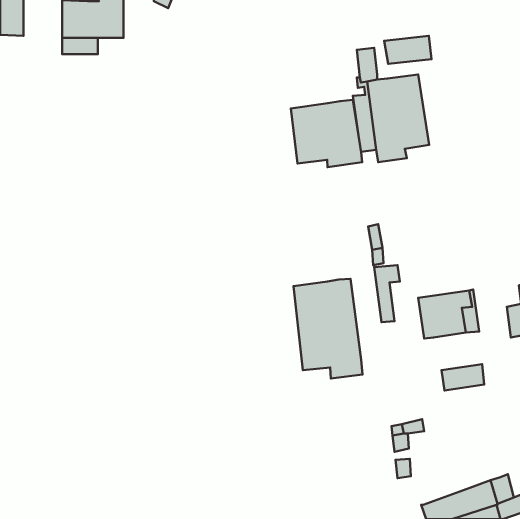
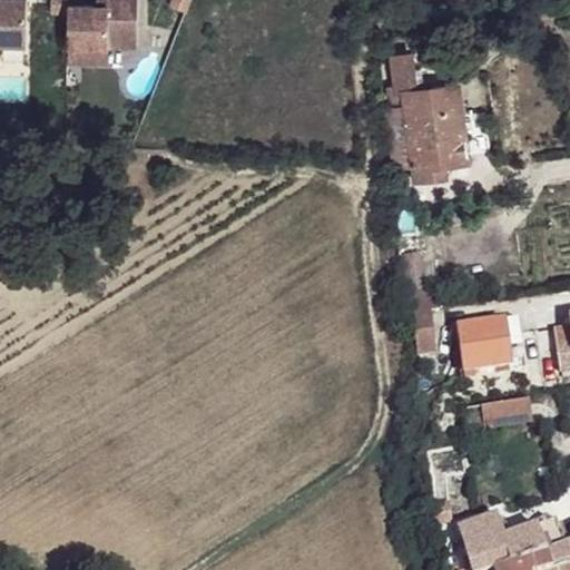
building: [384,36,432,64] -> none
building: [291,100,362,167] -> none
building: [293,279,363,379] -> none
building: none -> [454,515,503,551]

